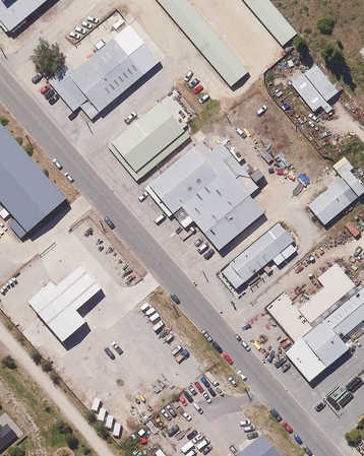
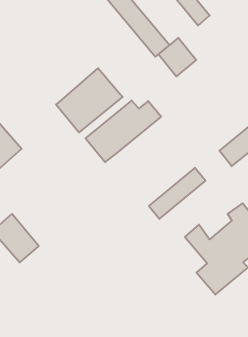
building: [44,22,162,121] -> none
building: [292,64,339,112] -> [159,38,196,76]
building: [182,160,261,249] -> none
building: [58,266,102,309] -> none

